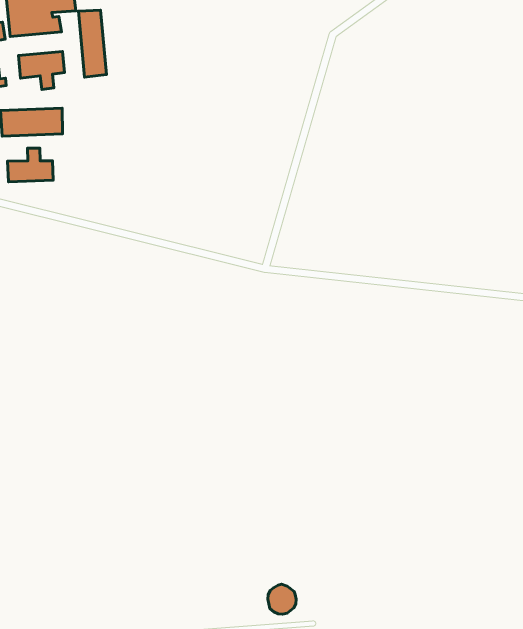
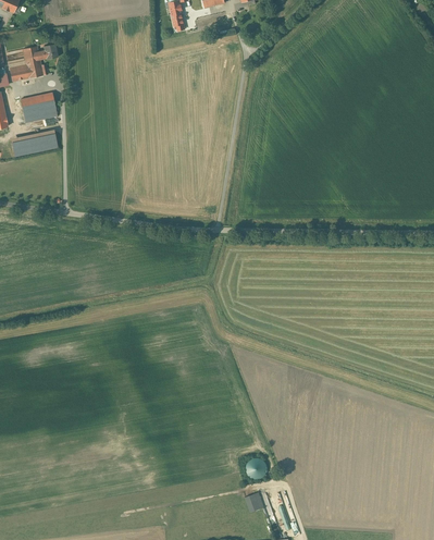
building: [78,10,107,77] -> none
building: [8,148,53,182] -> none

